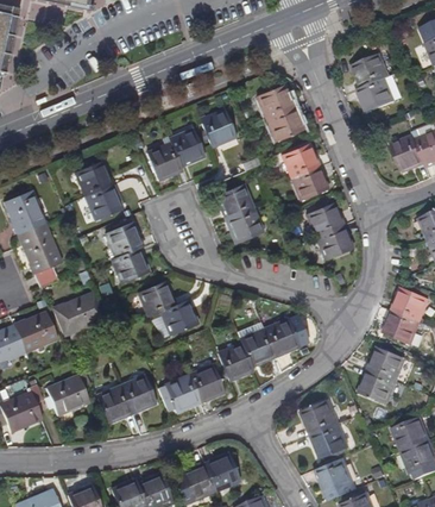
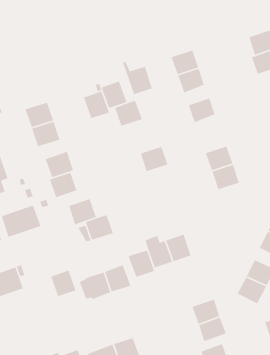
building: [291,167,328,202] -> none
building: [215,184,252,220] -> [114,99,143,127]
building: [95,382,131,419] -> none

